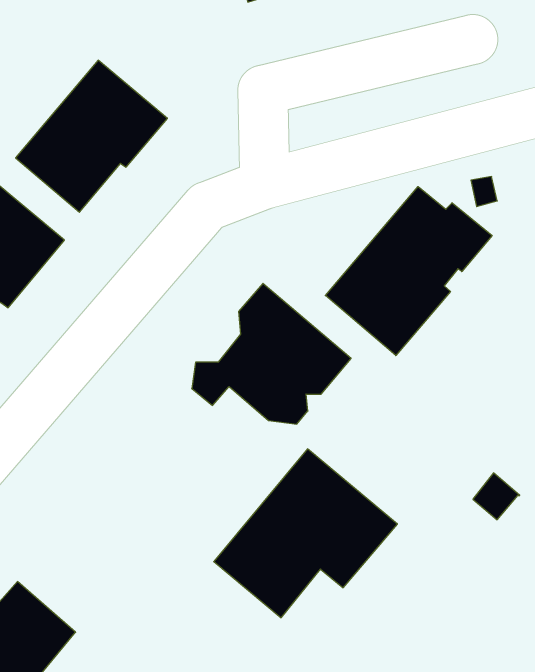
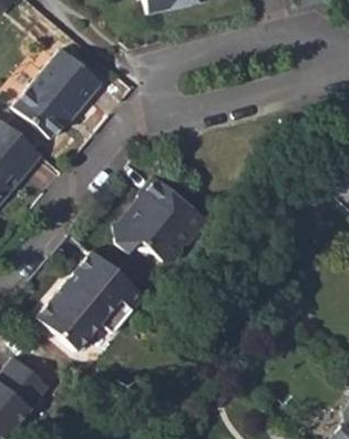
building: [325,187,492,356] -> none
building: [214,449,397,618] -> [35,251,144,350]

